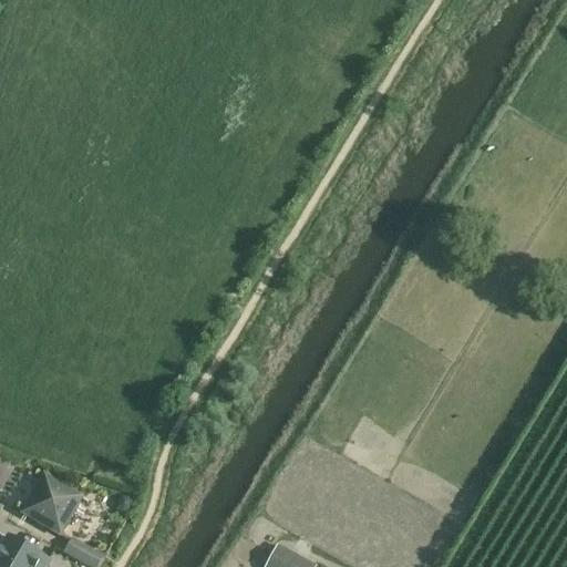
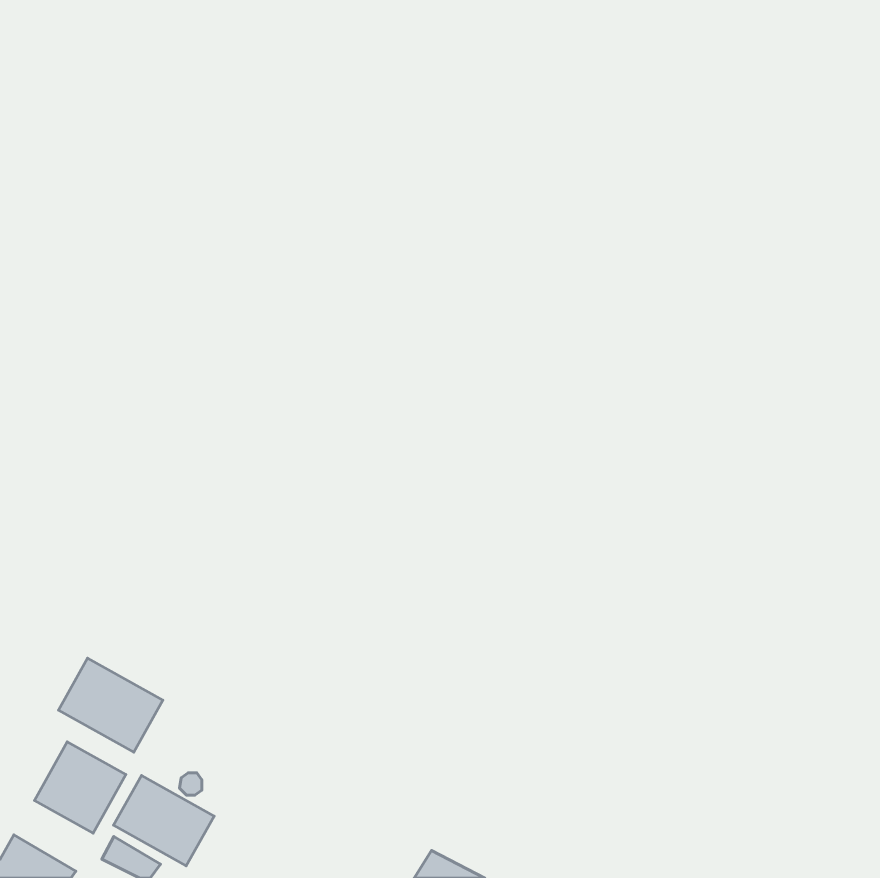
building: none -> [59,658,163,752]
building: none -> [114,775,214,866]

